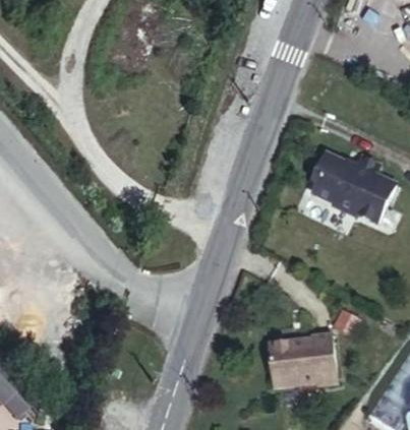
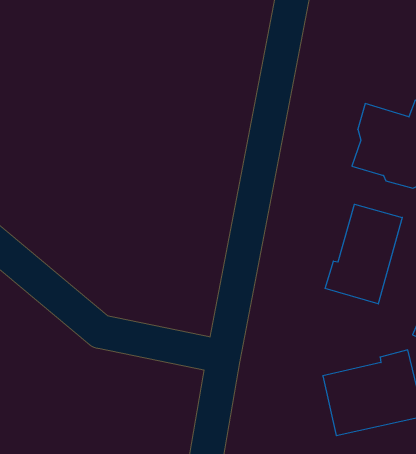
building: none -> [325,204,402,304]

